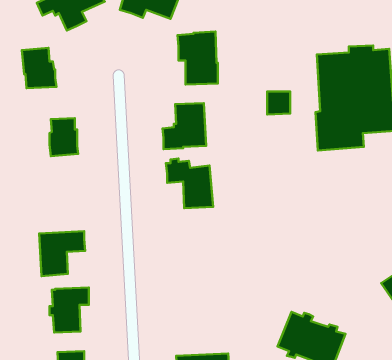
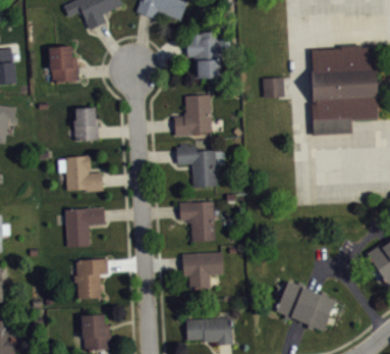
building: none -> [58,155,103,192]
building: none -> [179,202,217,242]
building: none -> [181,251,223,289]

